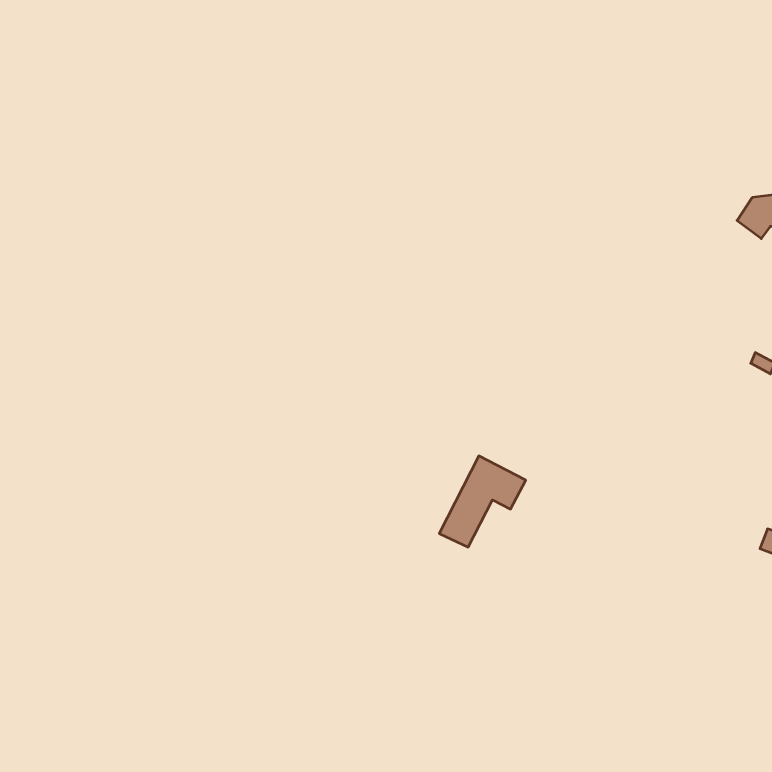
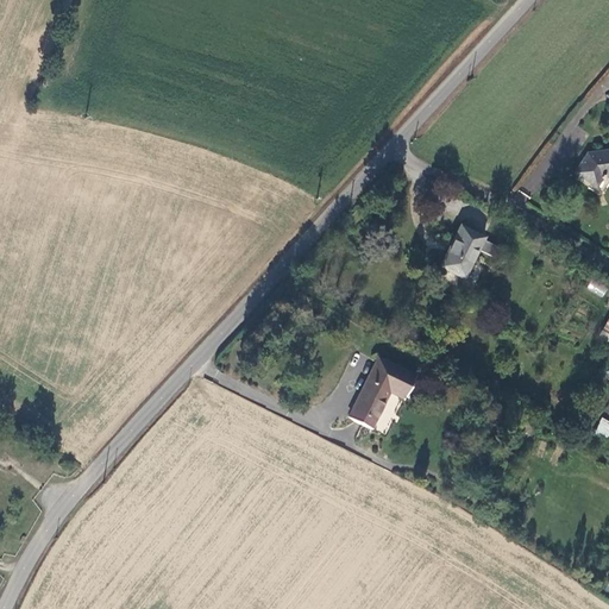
building: none -> [442,225,486,278]

